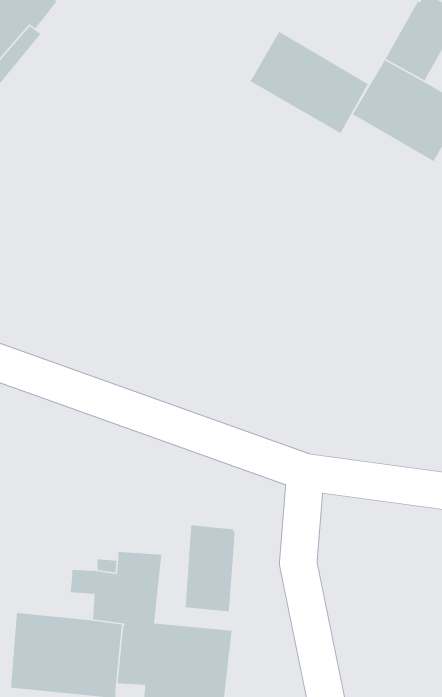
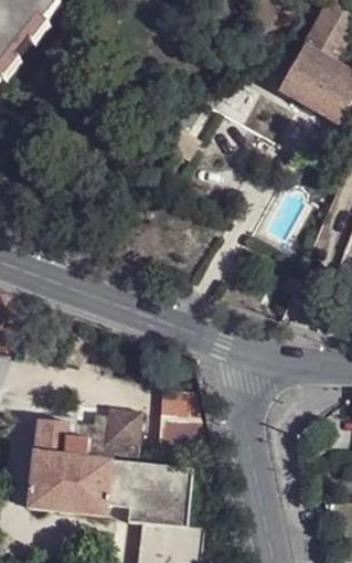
building: [250,31,369,134] -> none
building: none -> [32,418,89,459]

